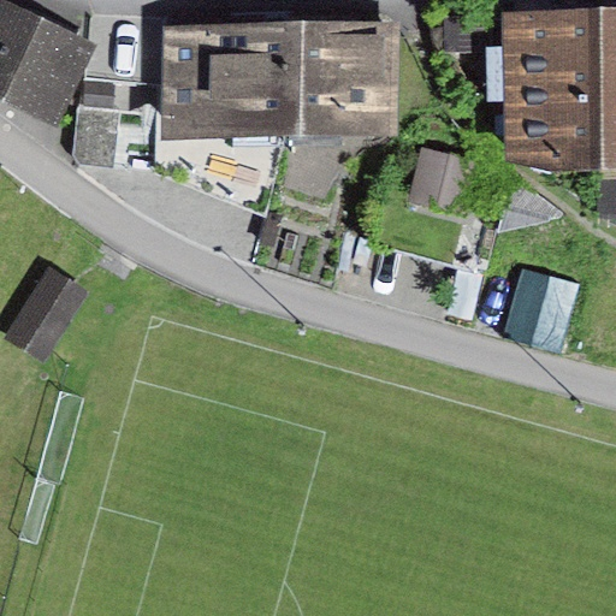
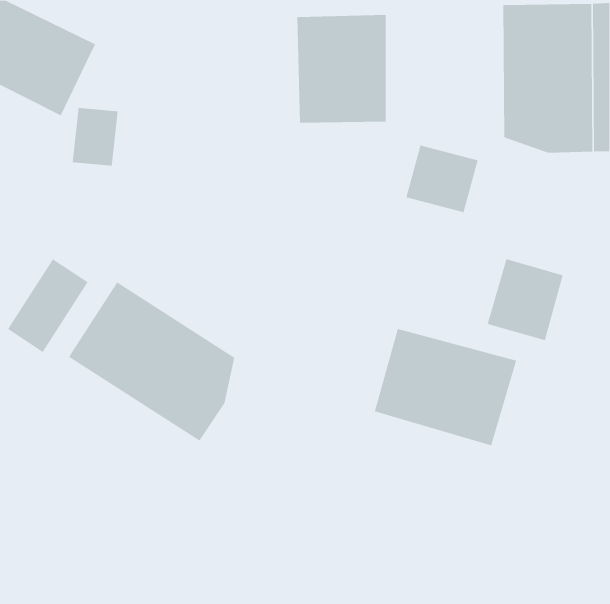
building: [164,24,301,135] -> none
building: none -> [68,282,235,442]
building: none -> [374,328,517,446]

